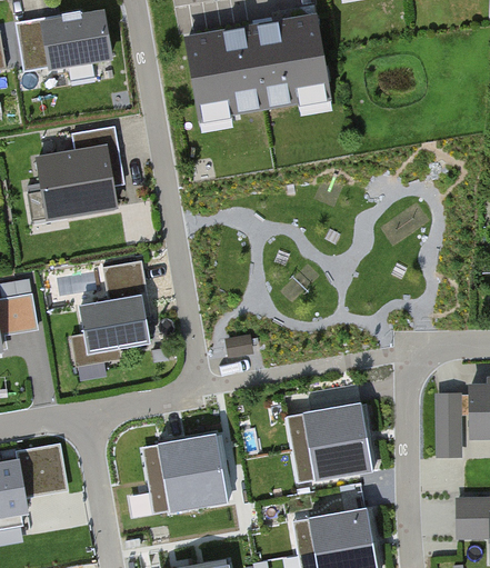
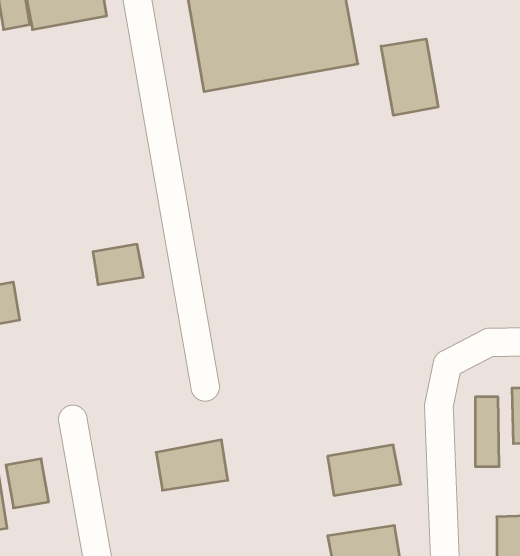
building: none -> [381,39,438,115]
building: [36,145,117,220] -> none
building: [77,293,150,353] -> none
building: [302,402,366,447] -> none
building: [163,468,227,512] -> none

